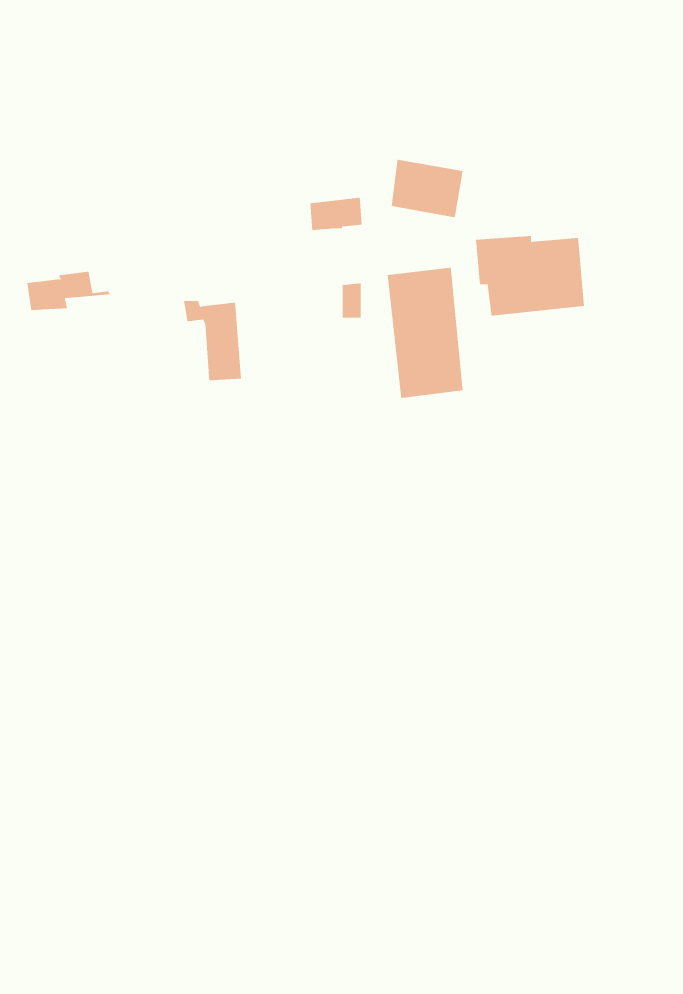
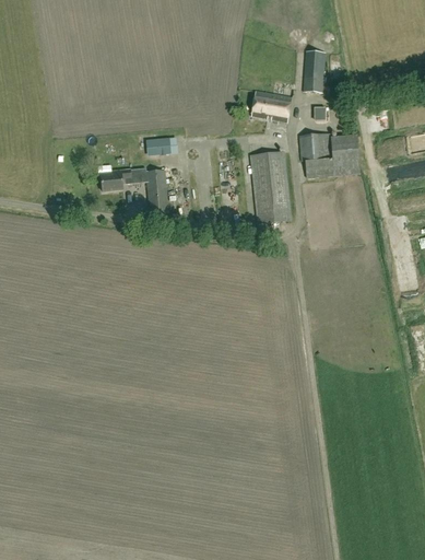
building: none -> [303,50,328,91]
building: [310,197,362,231] -> [147,138,177,156]
building: [27,271,111,310] -> [101,168,147,190]

